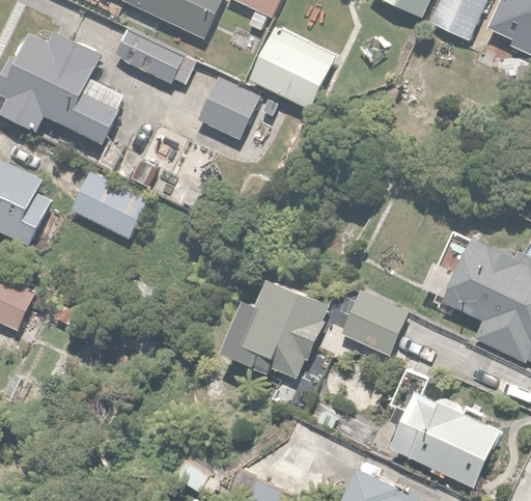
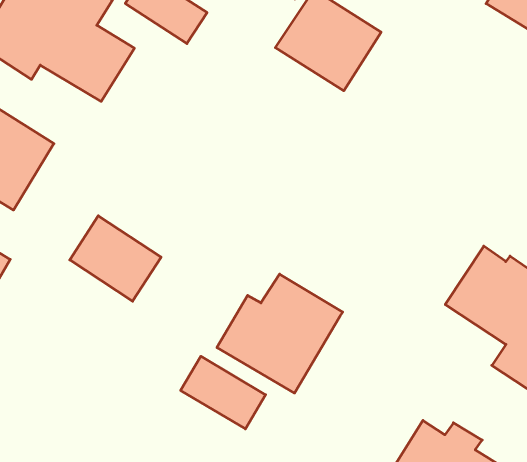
building: [198,78,258,140] -> none
building: [69,168,149,240] -> [70,216,161,301]
building: [339,287,409,358] -> none
building: none -> [181,356,266,429]

